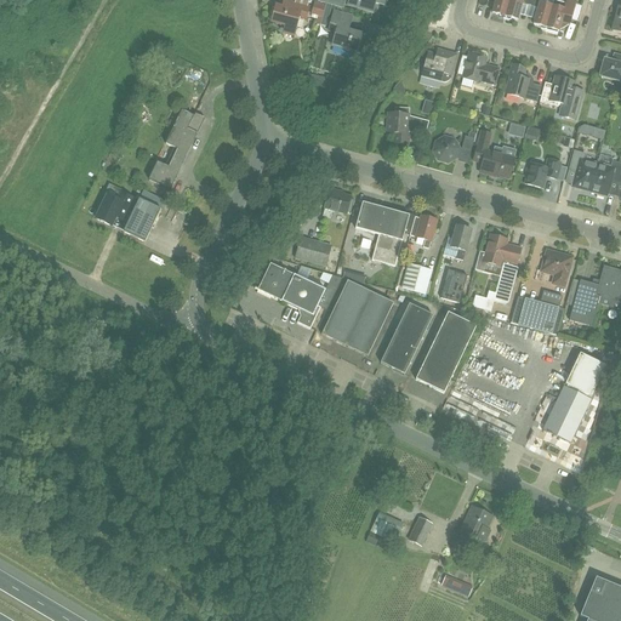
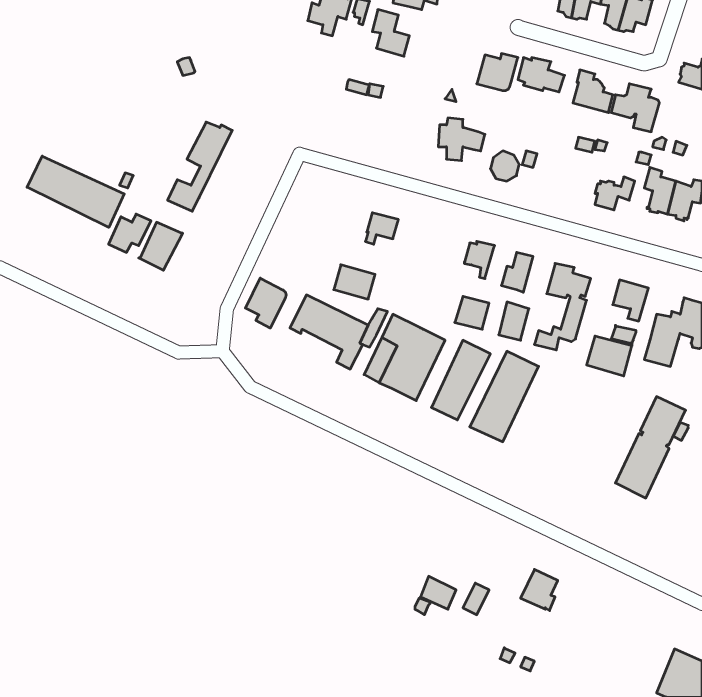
building: [473,129,514,176] -> none
building: none -> [27,156,124,227]
building: [355,200,409,264] -> none
building: none -> [245,278,286,328]

